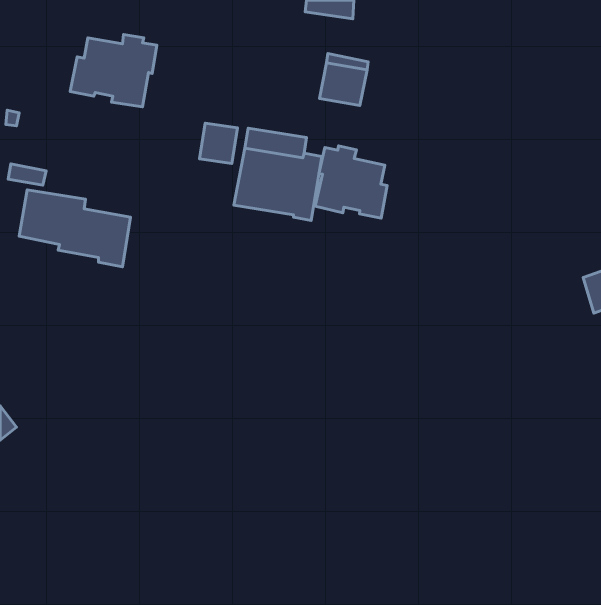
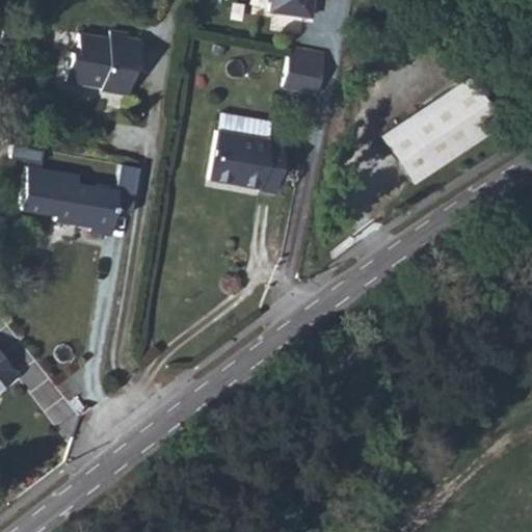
building: none -> [382,77,503,183]
building: [199,123,238,164] -> none
building: [315,146,387,218] -> none

